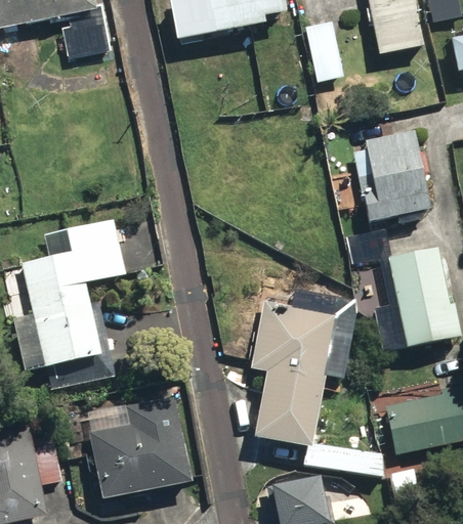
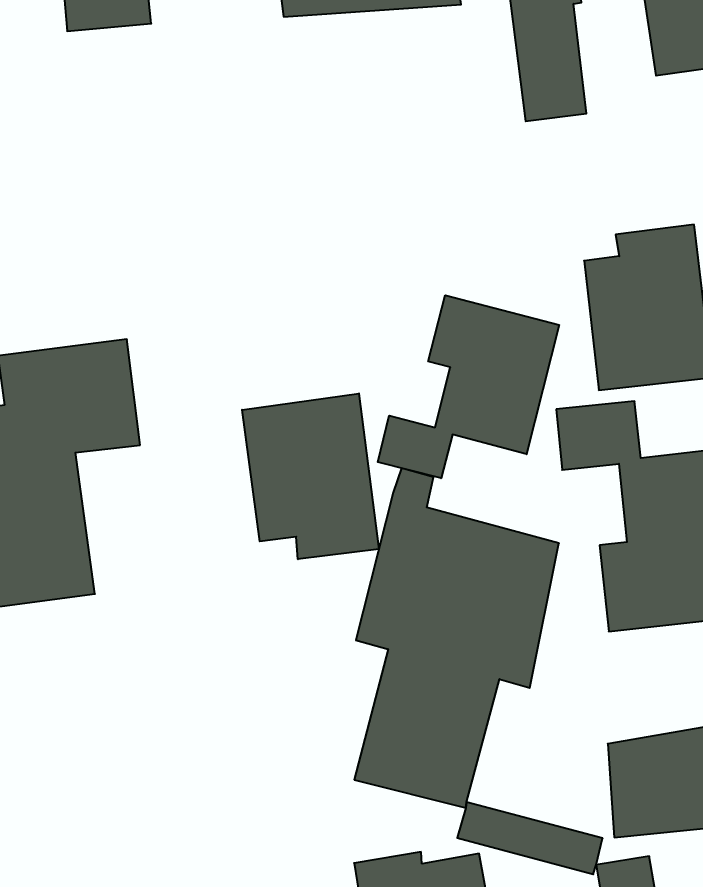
building: none -> [378,295,559,478]
building: none -> [242,393,379,559]
building: [88,419,197,497] -> none

